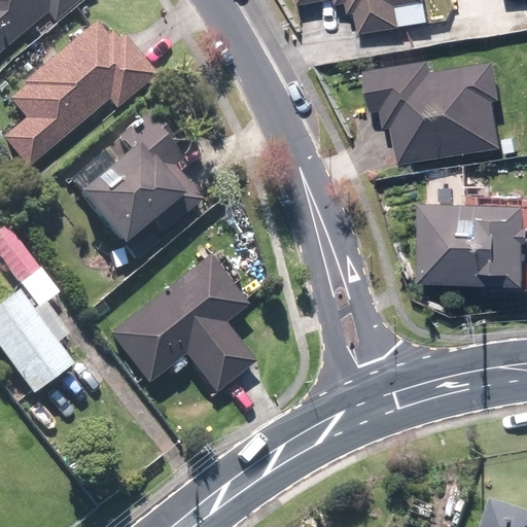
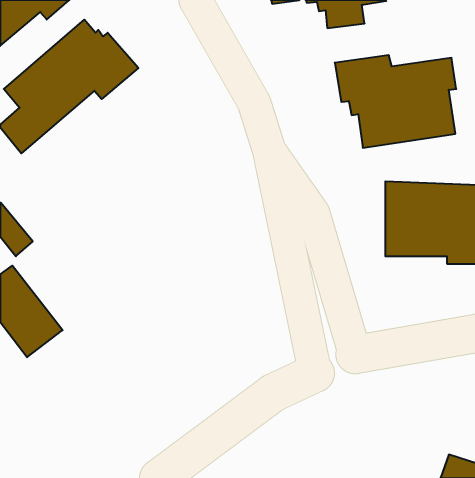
building: [71,112,203,244] -> none
building: [110,255,253,394] -> none

